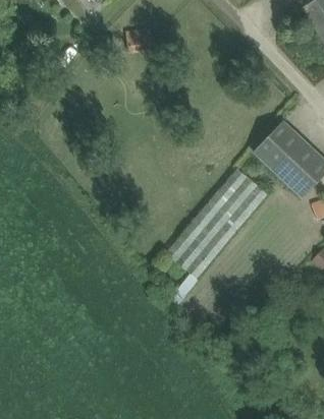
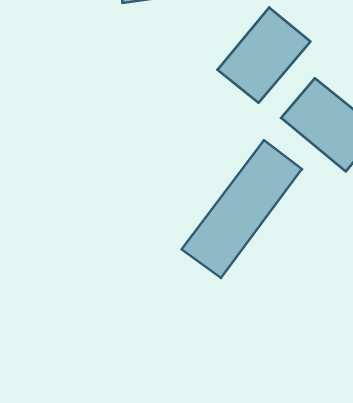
building: none -> [217,7,310,103]

